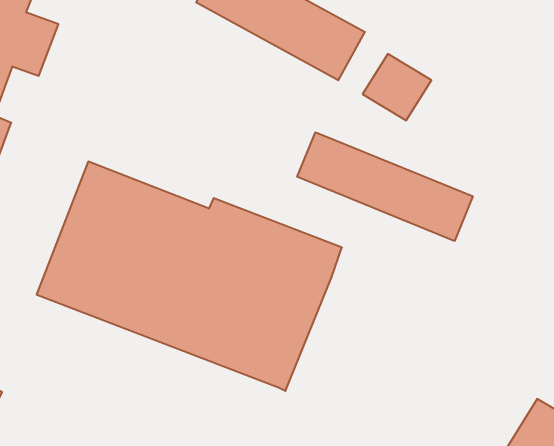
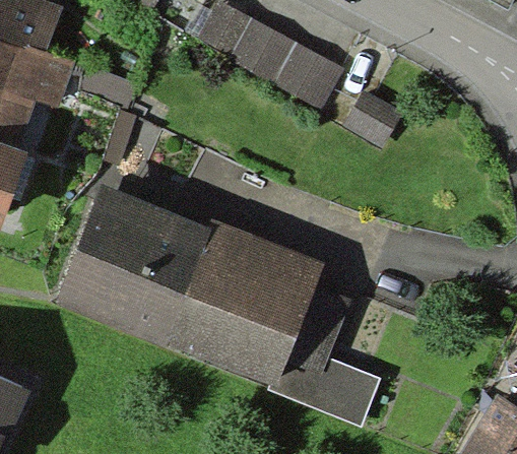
building: [297,132,473,241] -> none
building: none -> [266,286,381,427]

